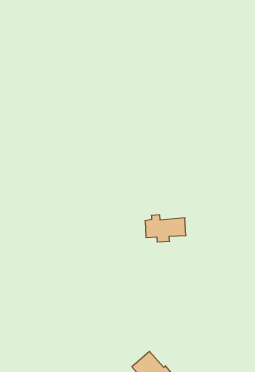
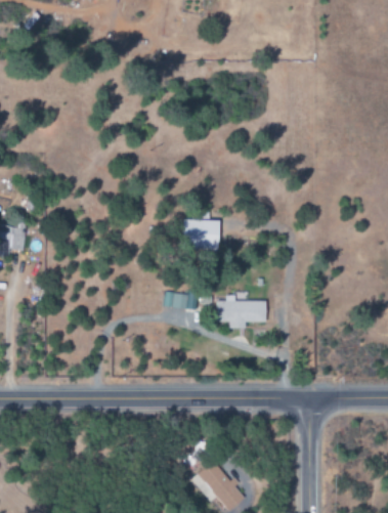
building: none -> [183,219,219,249]

